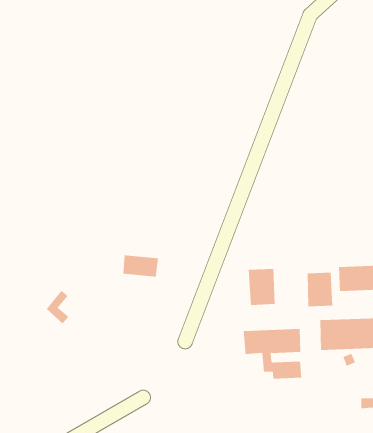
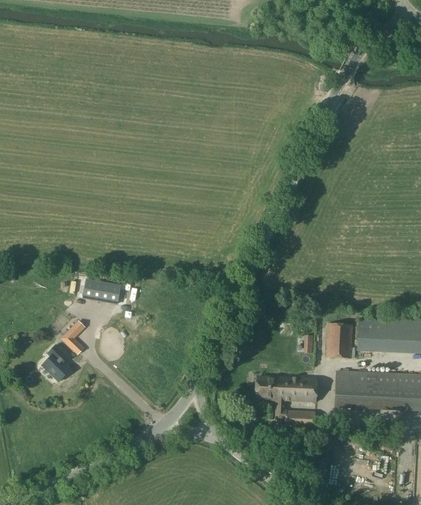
building: [122,255,159,277] -> [83,279,121,304]
building: [248,268,275,306] -> none
building: none -> [44,344,70,380]

